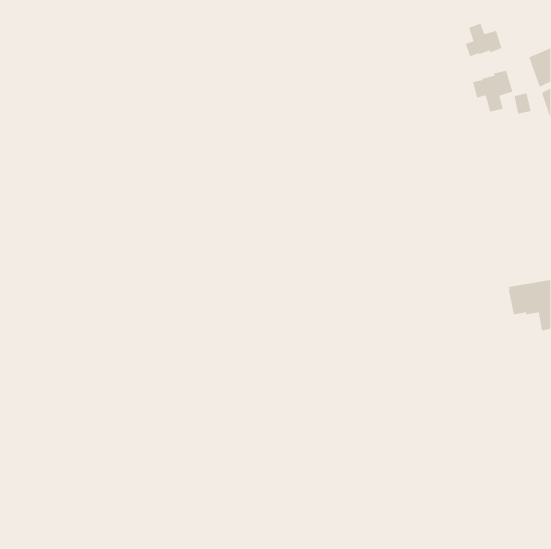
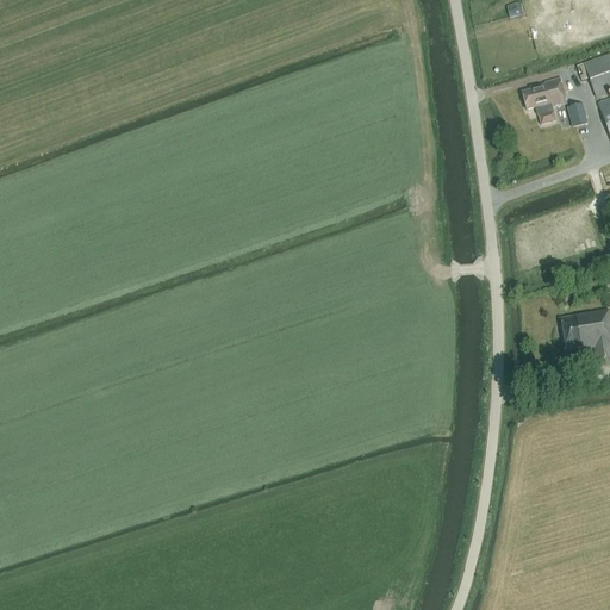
building: [465,23,502,57] -> none

